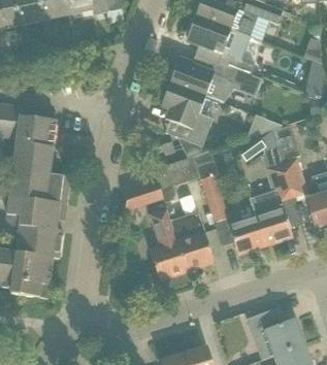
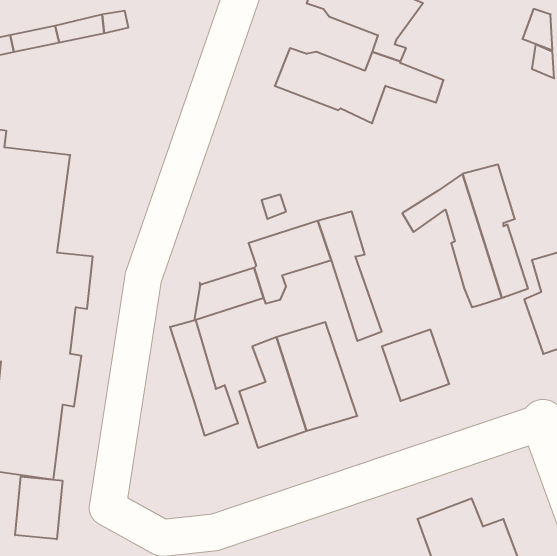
building: [161,81,210,146] -> none
building: [251,193,293,245] -> none
building: none -> [170,320,238,436]
building: none -> [15,476,62,539]

